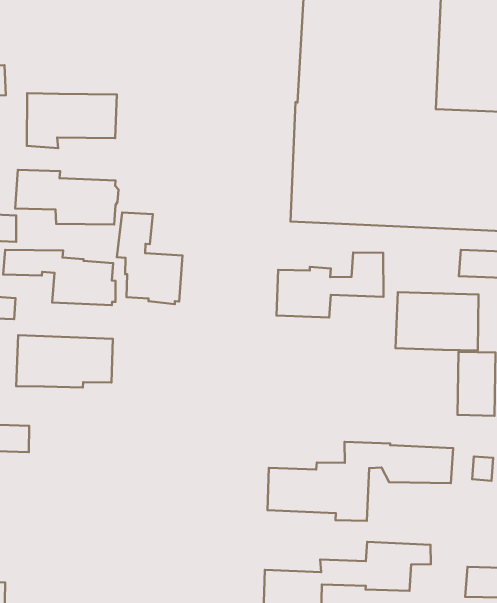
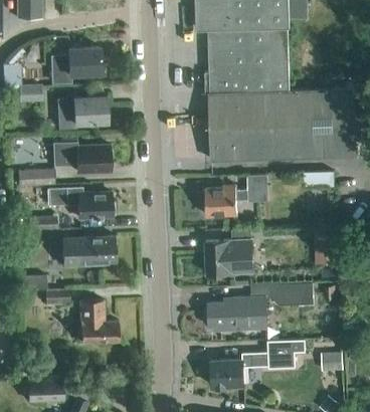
building: none -> [51,47,101,81]
building: [117,213,183,304] -> none
building: [395,292,479,351] -> [205,239,253,273]
building: none -> [79,299,118,342]

